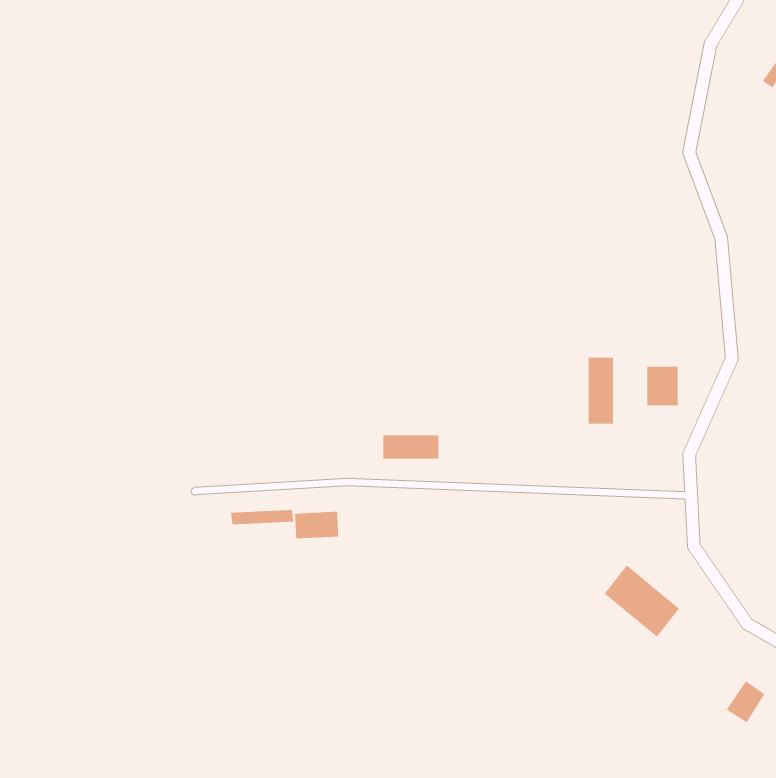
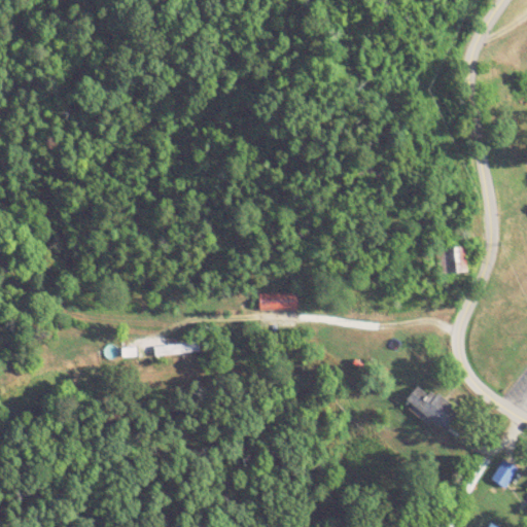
building: [588,357,613,424] -> none
building: [295,511,339,539] -> none

